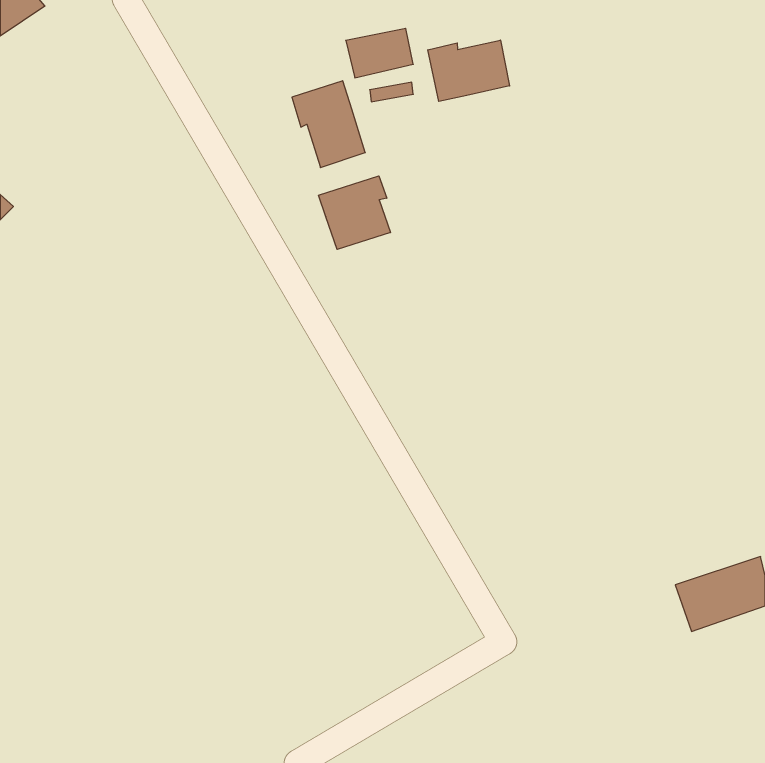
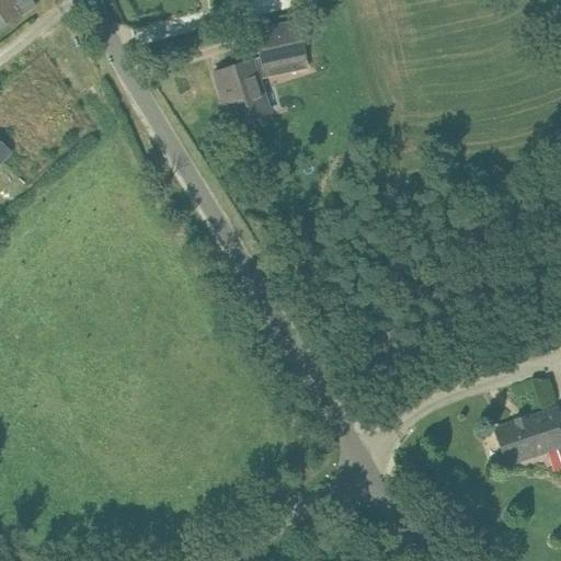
building: [428,40,510,101] -> none
building: [319,176,390,249] -> none

